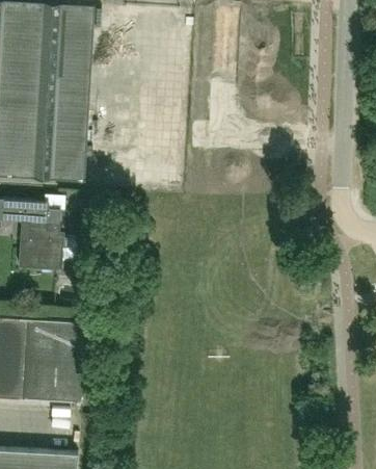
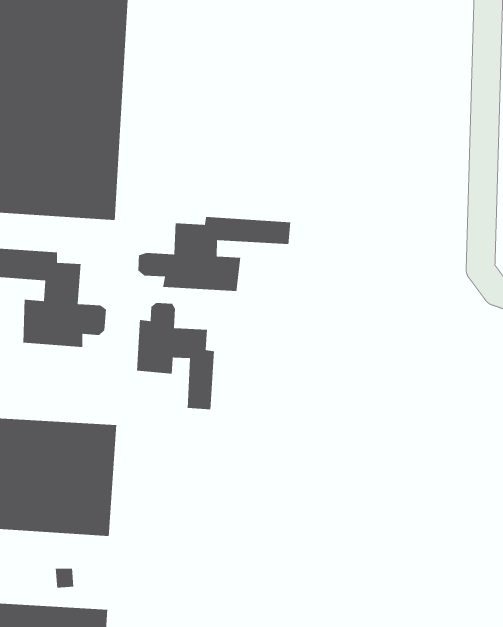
building: none -> [137,216,291,292]
building: none -> [136,302,215,410]

